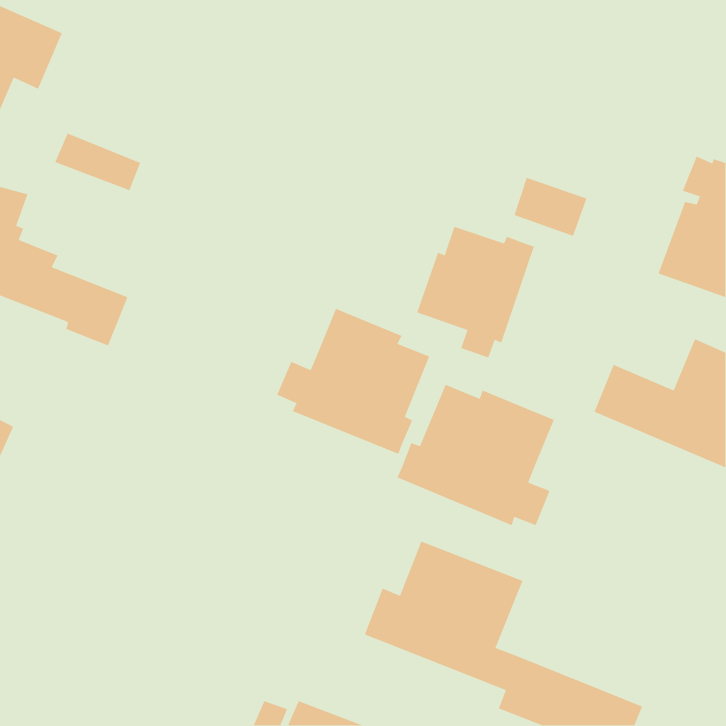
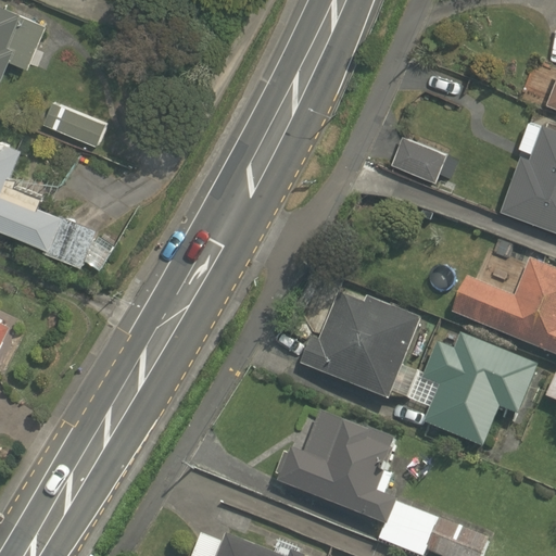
building: [416,226,535,359] -> none
building: [276,308,430,455] -> none
building: none -> [413,333,540,448]

